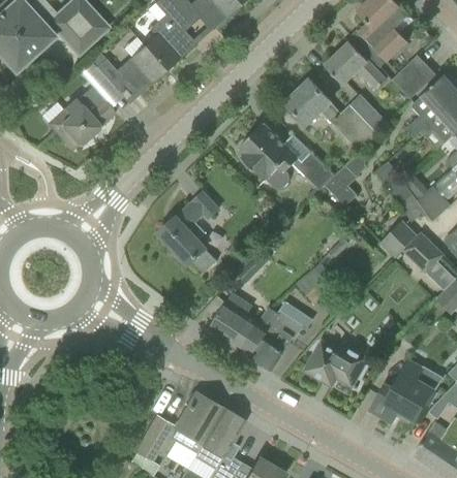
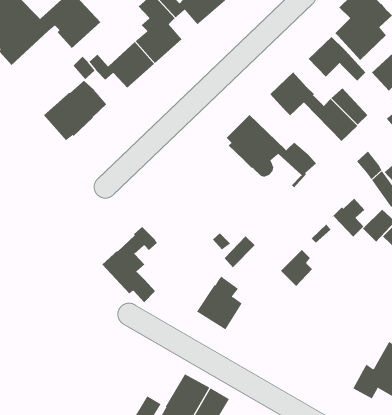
building: [323,165,358,206] -> [332,198,365,237]
building: [159,192,218,273] -> [102,226,158,303]
building: [239,307,302,371] -> none
building: [304,340,369,386] -> none

